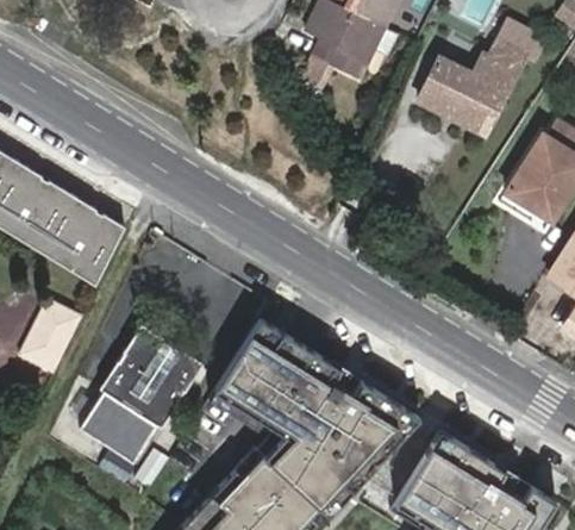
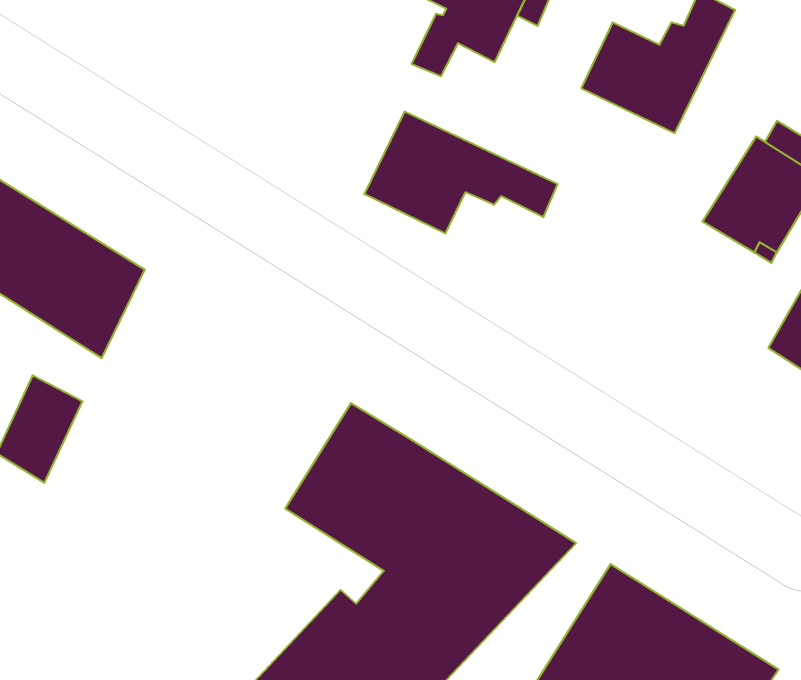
building: none -> [364,112,558,234]
building: [81,323,202,460] -> none

